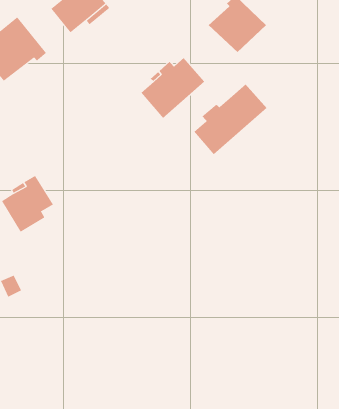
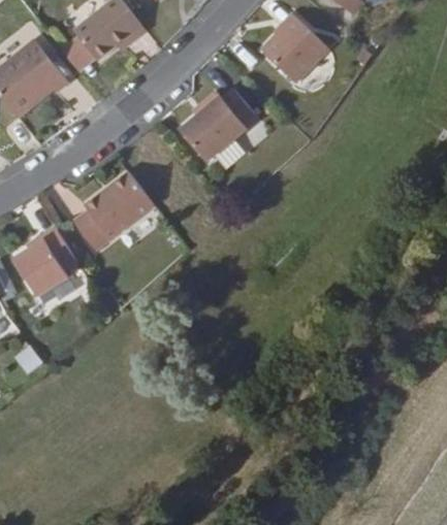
building: [194,84,267,155] -> none
building: none -> [73,172,155,251]

